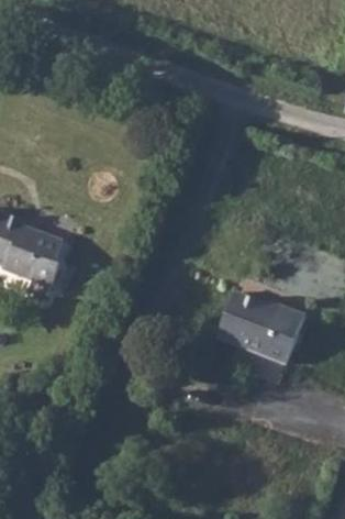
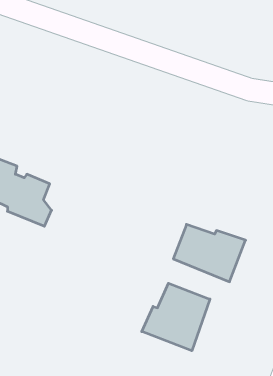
building: none -> [142,283,210,351]

